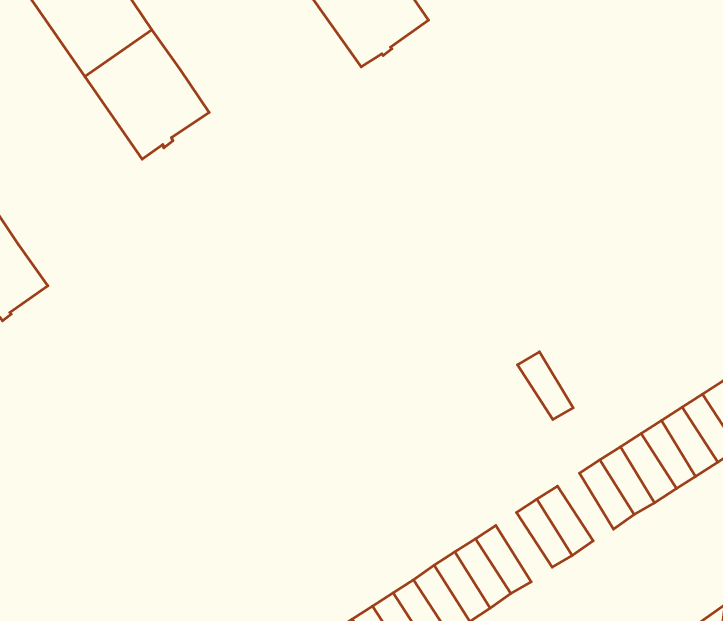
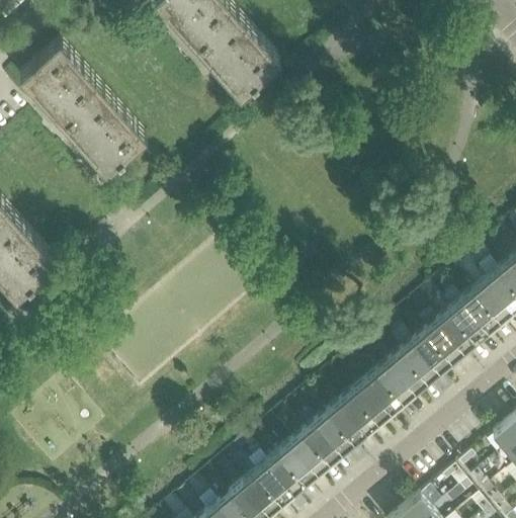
building: [517,352,573,419] -> [398,339,437,381]
building: none -> [361,369,401,413]

